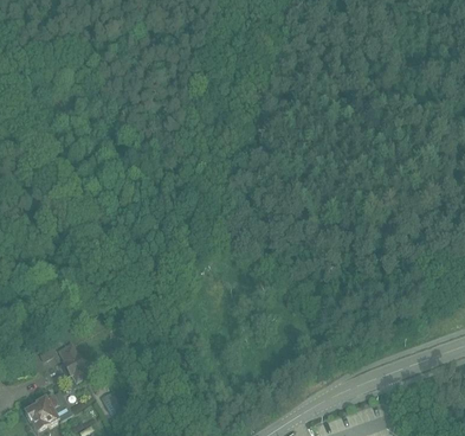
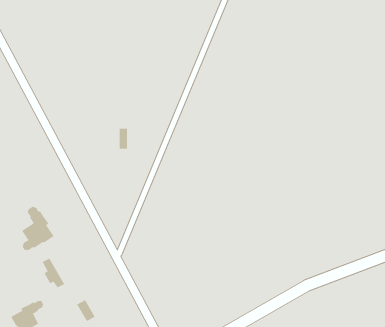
building: none -> [21,206,54,251]

